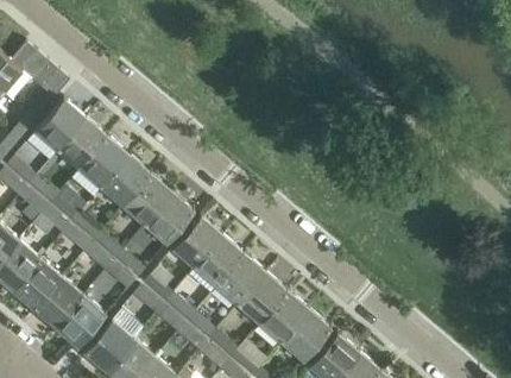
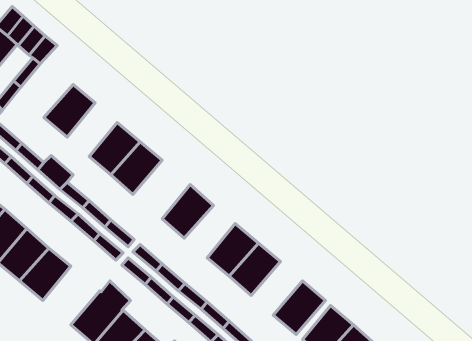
building: [26,99,86,160] -> none
building: [80,136,128,188] -> none
building: [144,191,195,244] -> none
building: [194,235,244,286] -> none
building: [259,290,309,342] -> none
building: [56,295,106,347] -> none

